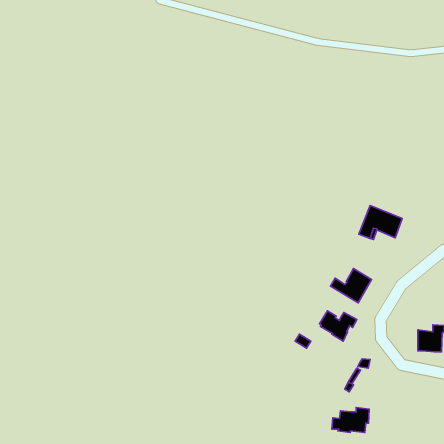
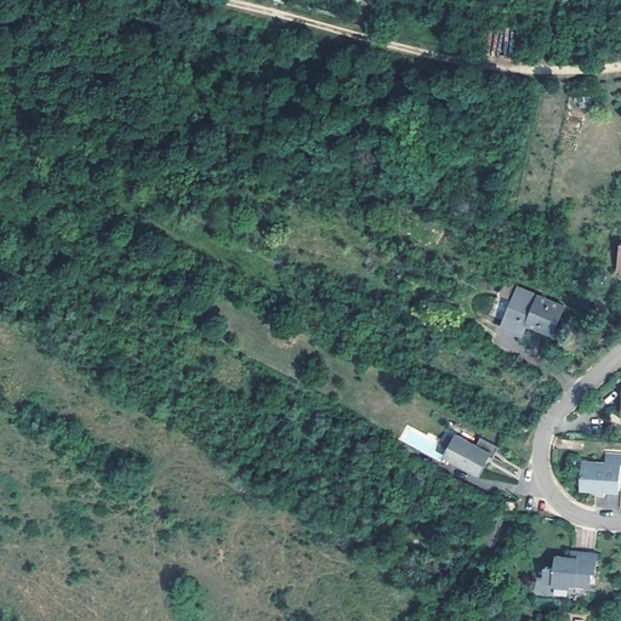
building: [330,268,372,303] -> none
building: [332,407,369,433] -> [541,552,593,587]

